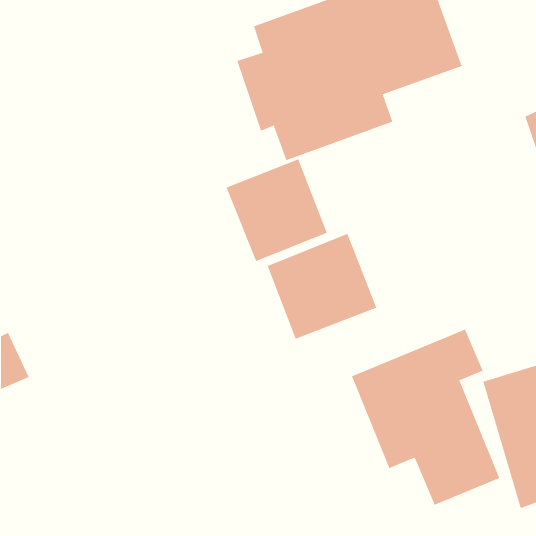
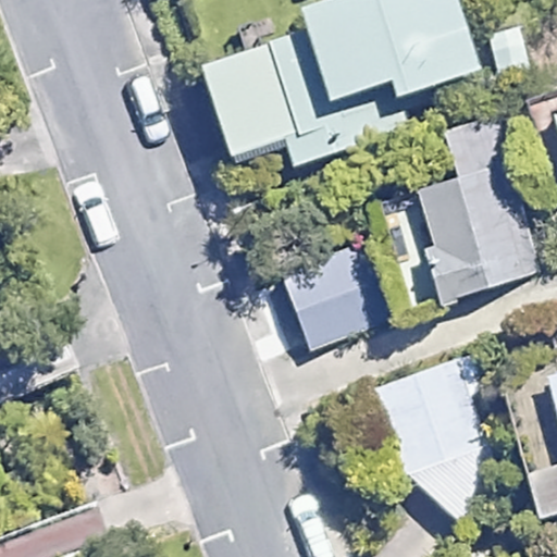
building: none -> [392,121,544,308]
building: [226,159,327,262] -> none

